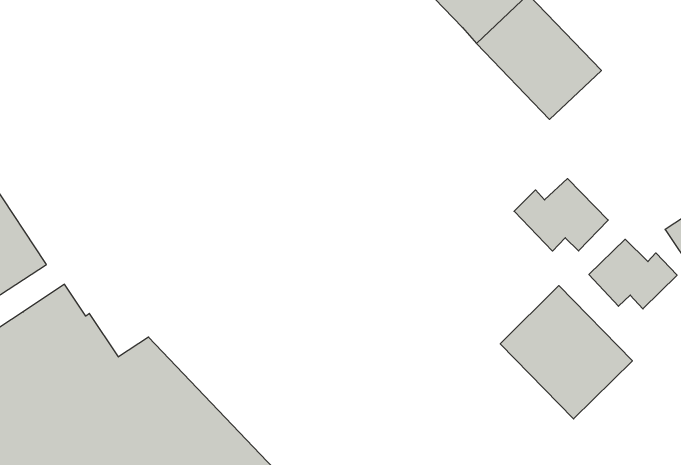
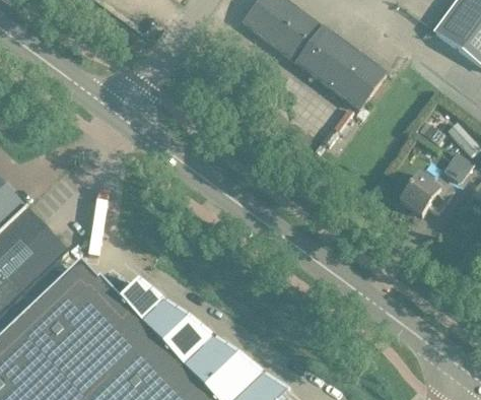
building: [514,179,608,251] -> none
building: [500,286,632,419] -> none

